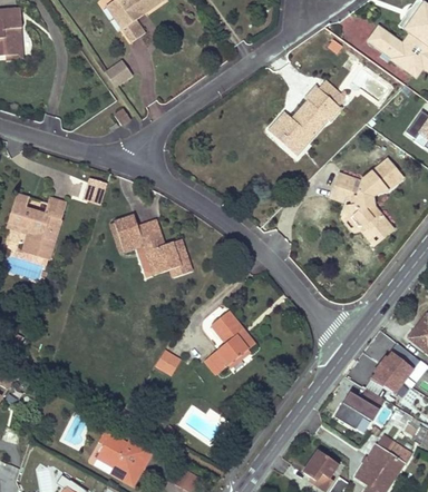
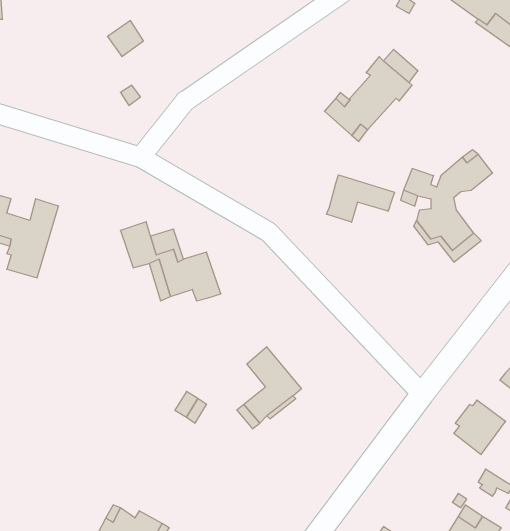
building: none -> [326,175,395,222]
building: [334,388,386,427] -> none

